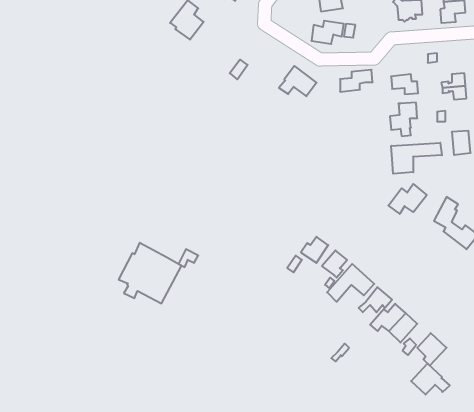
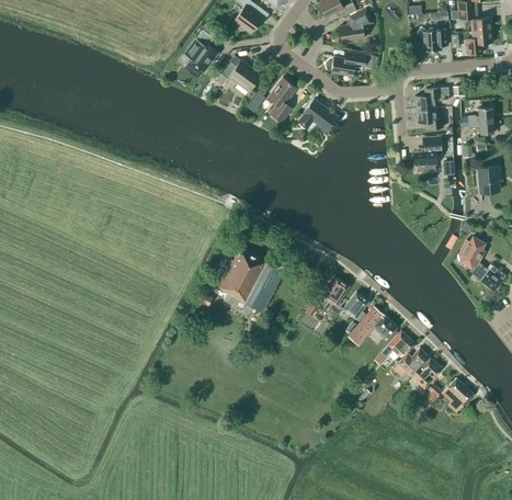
building: none -> [219,59,260,96]
building: none -> [269,78,296,122]
building: [340,70,373,92] -> [414,87,448,110]
building: [391,143,442,174] -> none
building: [388,184,427,214] -> none
building: [119,243,182,303] -> [217,248,283,311]
building: [411,364,450,395] -> none

